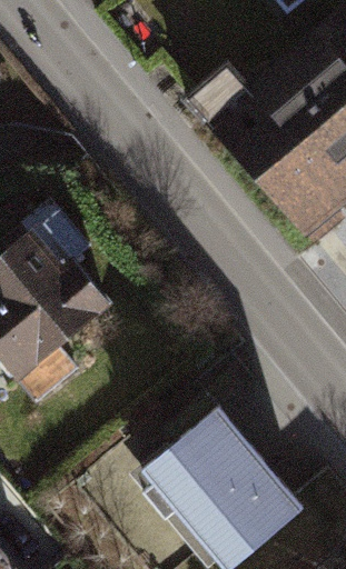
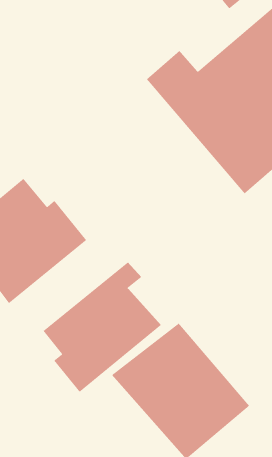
building: none -> [43,262,162,393]

